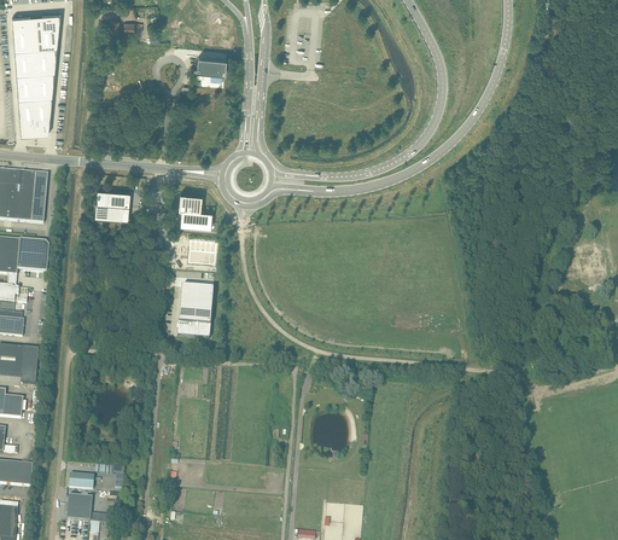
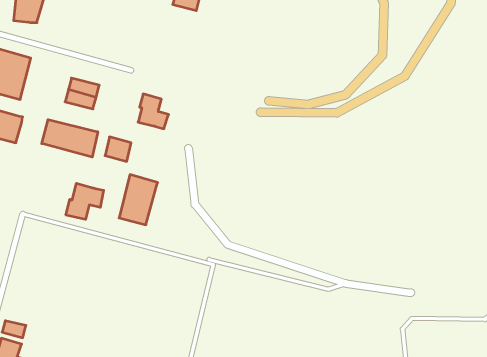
building: [187,238,214,262] -> [105,137,131,161]
building: none -> [42,120,98,157]
building: none -> [66,183,104,219]

